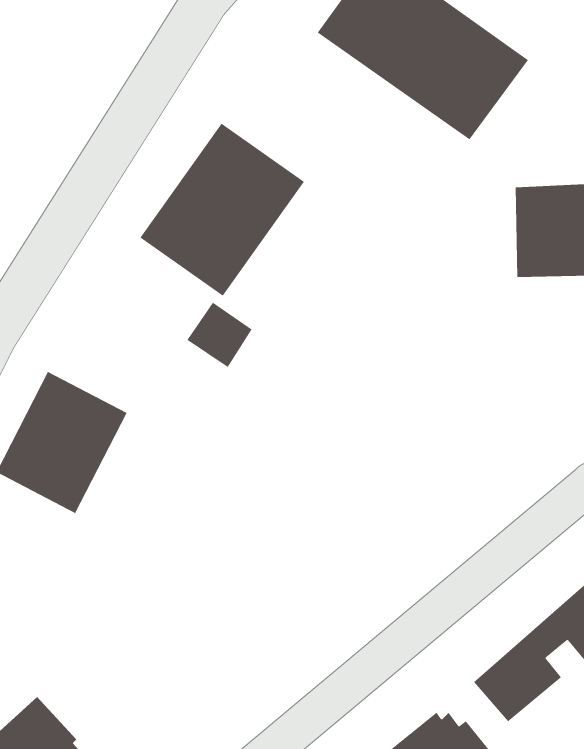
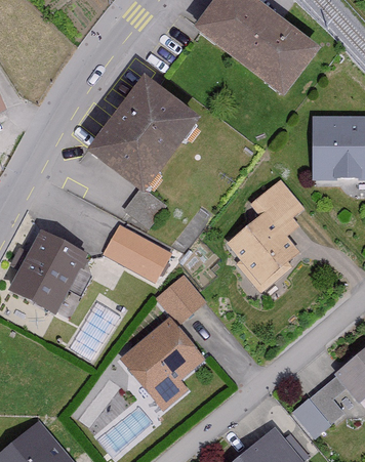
building: none -> [226,178,303,293]
building: none -> [104,225,169,282]
building: none -> [157,276,203,321]
building: none -> [121,319,204,410]

